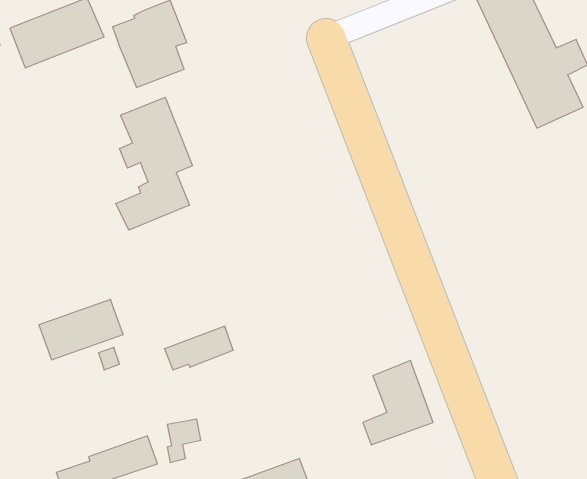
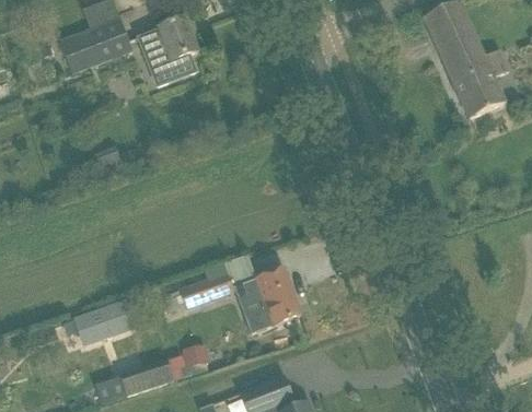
building: [116,97,192,230] -> none
building: [39,299,123,360] -> [70,299,136,346]
building: [363,361,433,445] -> [244,268,299,333]

